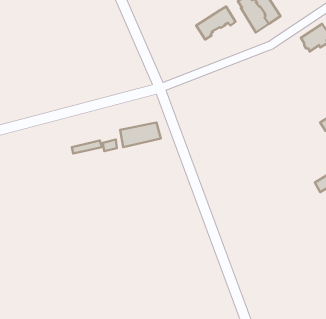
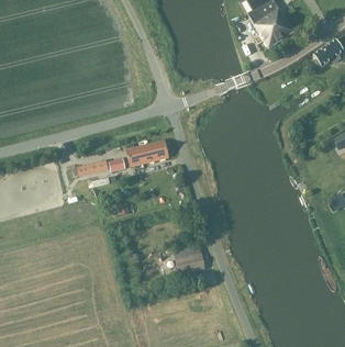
building: [196,6,236,39] -> none
building: none -> [172,243,205,275]

